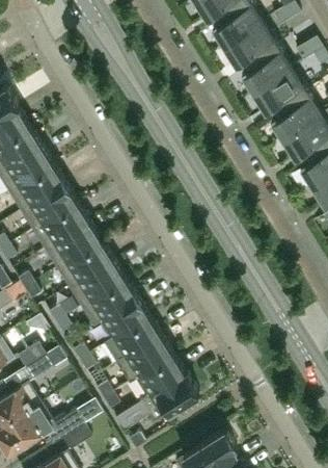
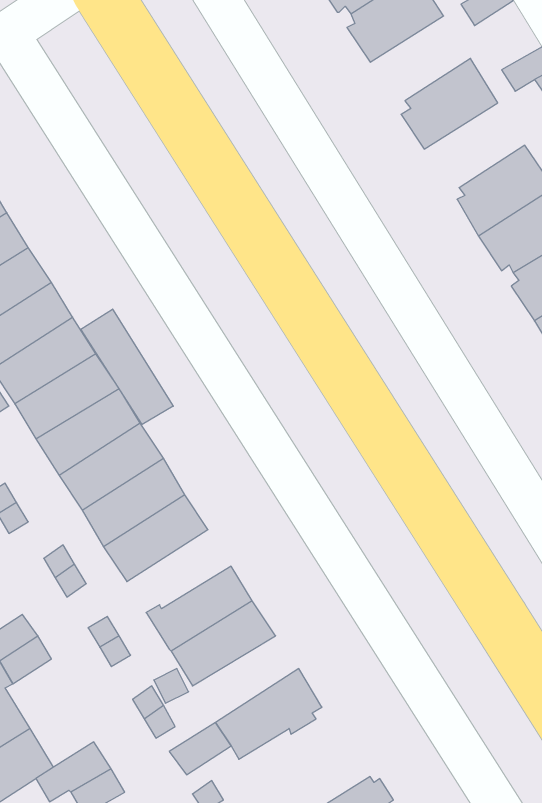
building: [224,20,278,66] -> none
building: [253,67,307,112] -> none
building: none -> [81,309,173,424]
building: [93,296,149,339] -> none
building: [129,354,186,400] -> none

